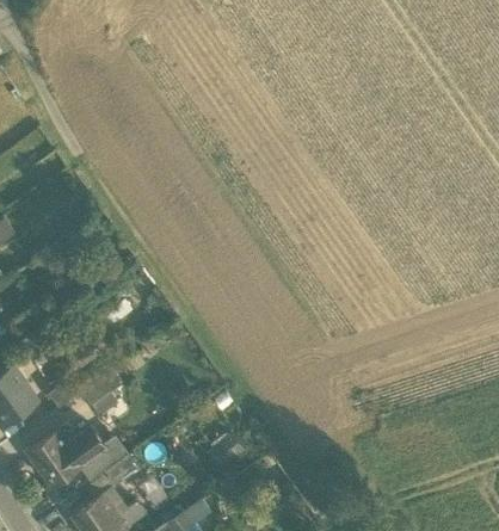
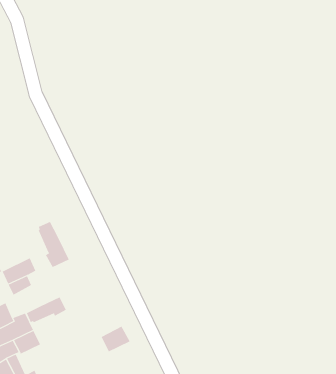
building: none -> [38,221,69,268]
building: none -> [26,296,66,323]

